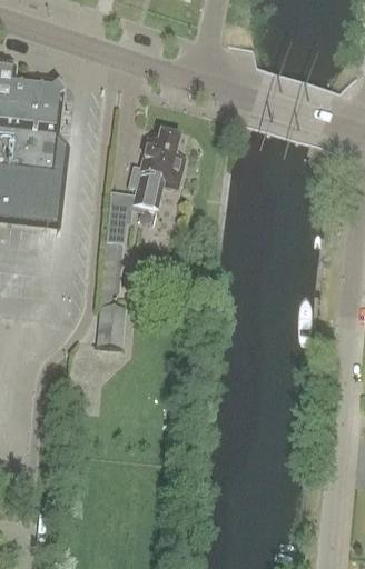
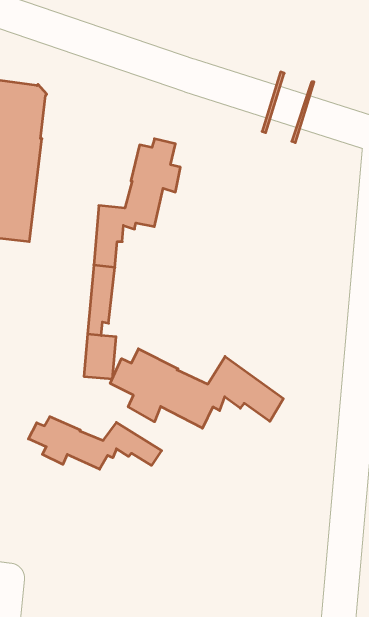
building: none -> [110,349,283,428]
building: none -> [28,417,162,469]

